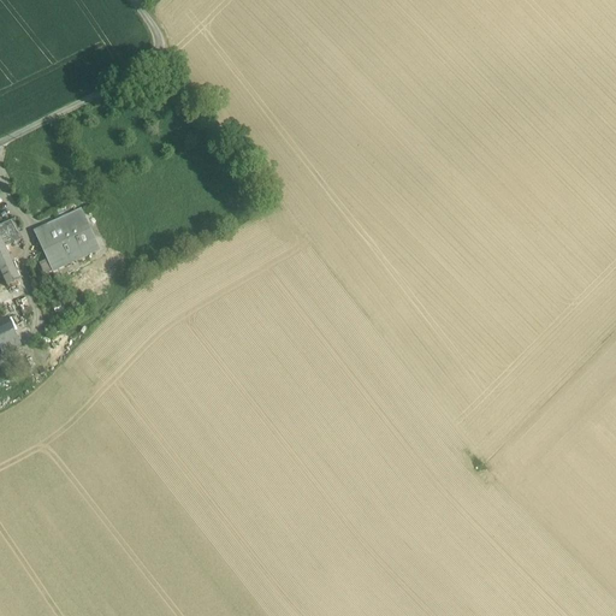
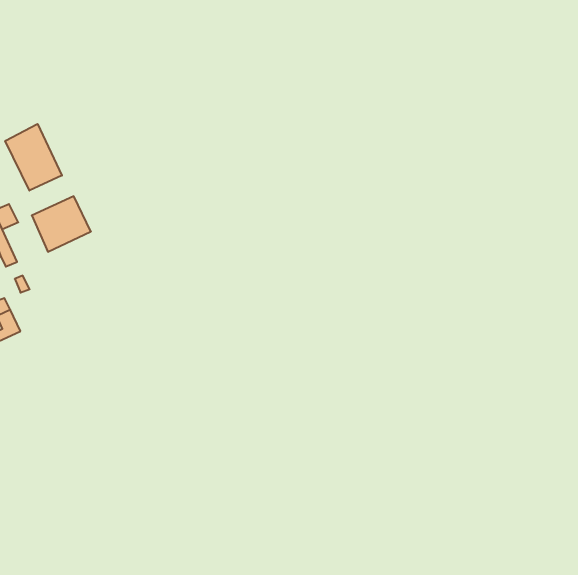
building: none -> [5,124,62,191]

